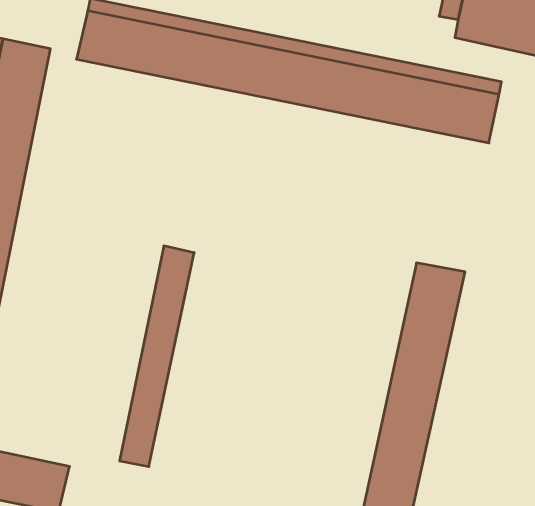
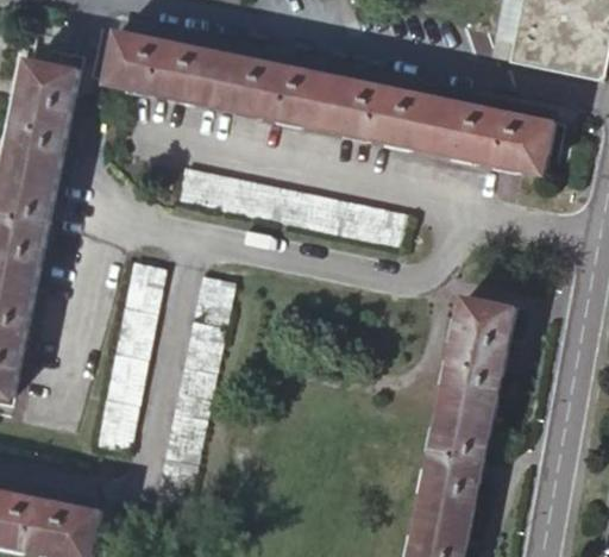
building: none -> [178,171,406,249]
building: none -> [98,268,164,453]

